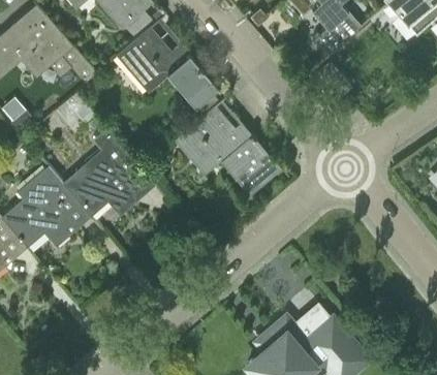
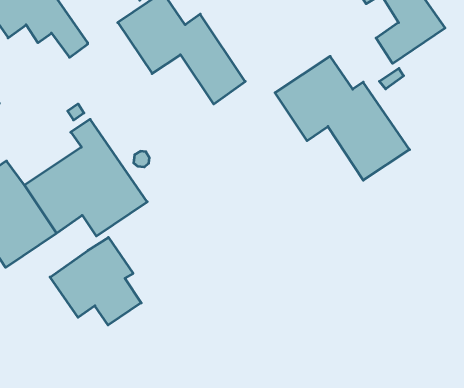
building: [177,106,282,196] -> [275,56,410,180]
building: none -> [50,237,141,325]

